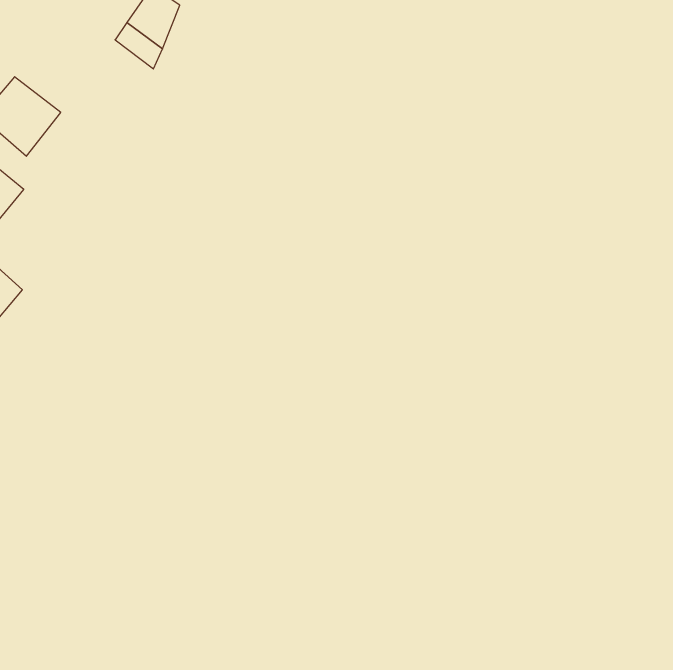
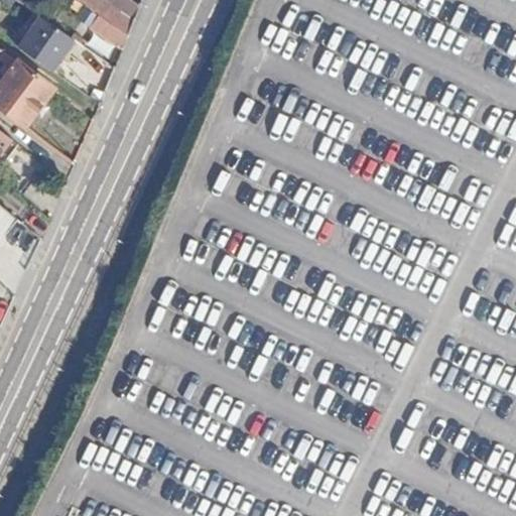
building: none -> [13,13,70,71]

